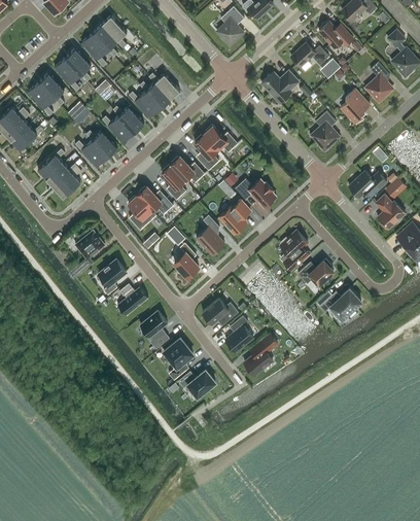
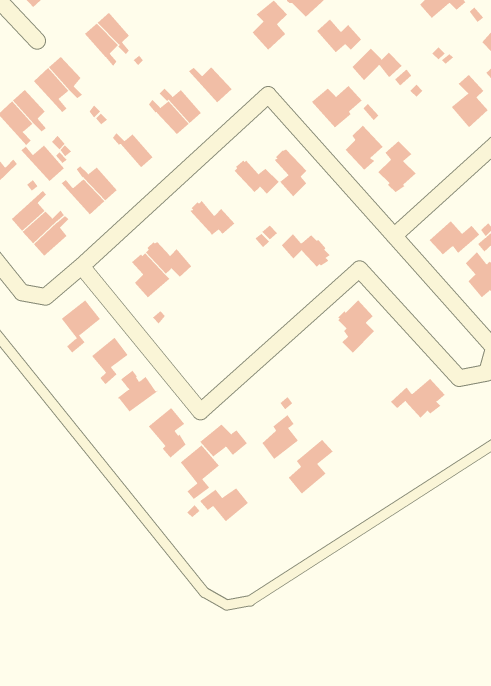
building: [319,22,353,47] -> [316,19,362,53]
building: [81,32,108,66] -> none
building: [341,89,370,123] -> [345,125,383,170]
building: [129,91,162,117] -> [188,67,233,103]
building: [102,114,135,142] -> [21,145,65,182]
building: [195,134,219,170] -> [274,149,307,197]
building: [162,164,186,199] -> none
building: [219,200,250,234] -> none
building: [197,214,224,254] -> none
building: [175,242,199,276] -> none
building: [299,258,334,286] -> none
building: [203,298,239,322] -> [199,424,248,457]

